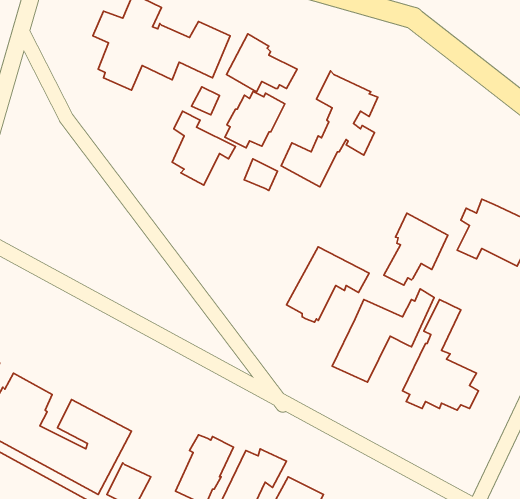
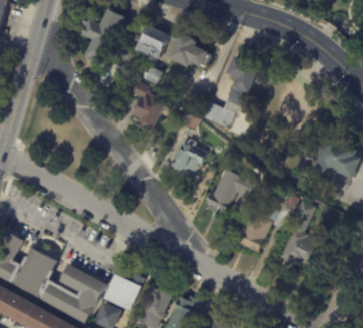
building: [225,92,285,148] -> [169,138,206,173]
building: [384,213,448,285] -> none
building: none -> [101,266,143,311]

